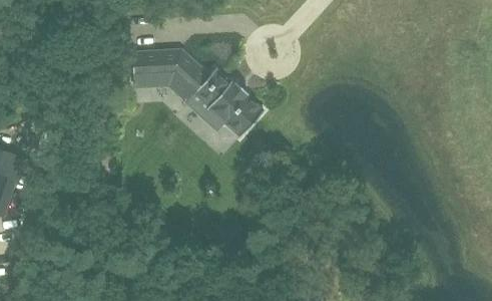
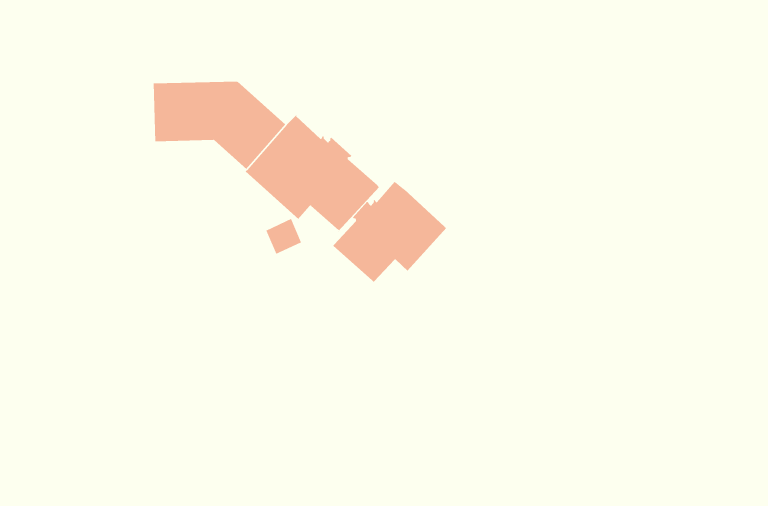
building: none -> [332,180,447,283]

